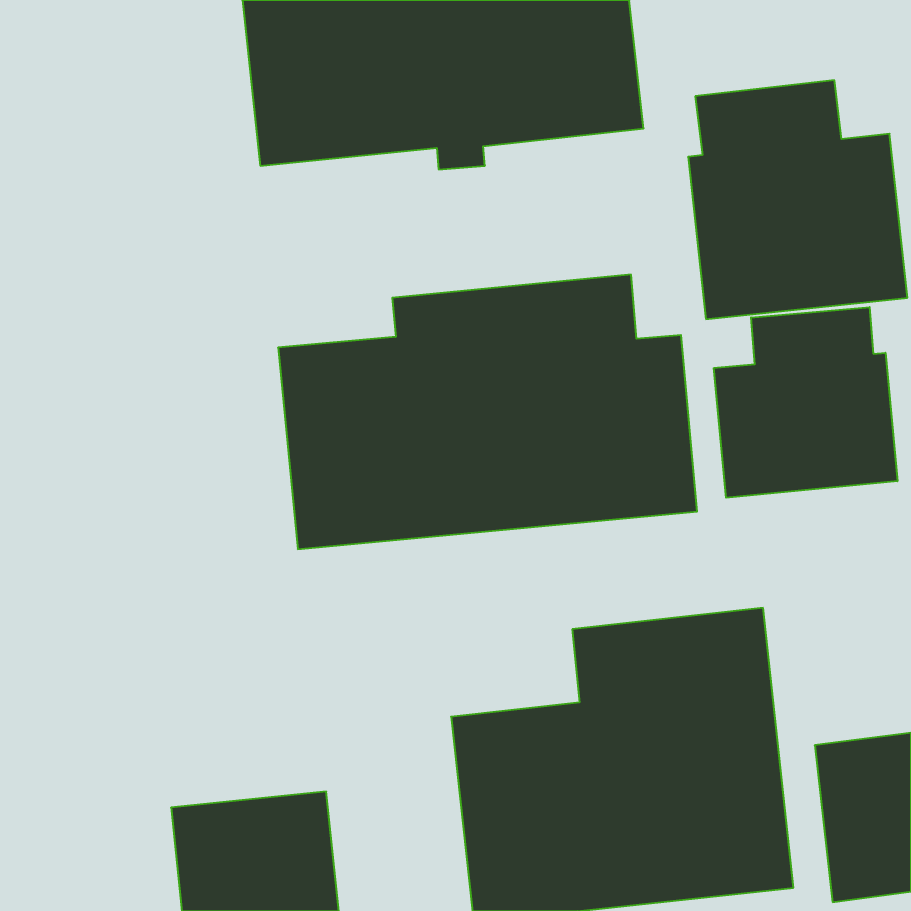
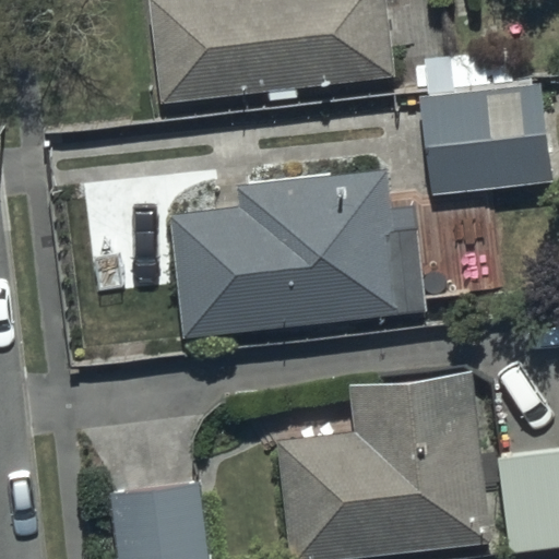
building: [714,307,897,498] -> none

